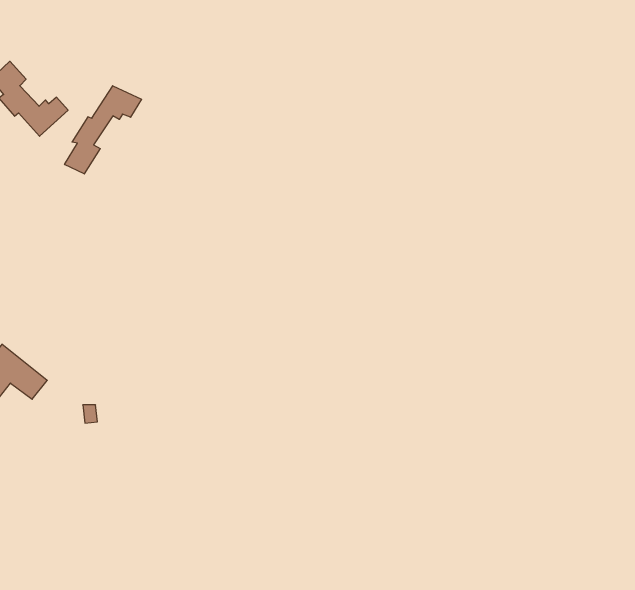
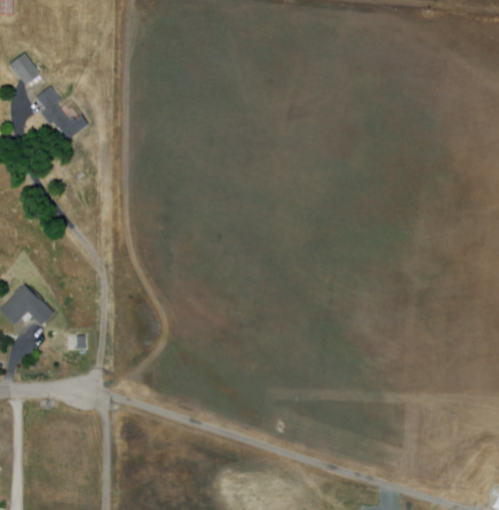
building: [65,86,142,174] -> none

